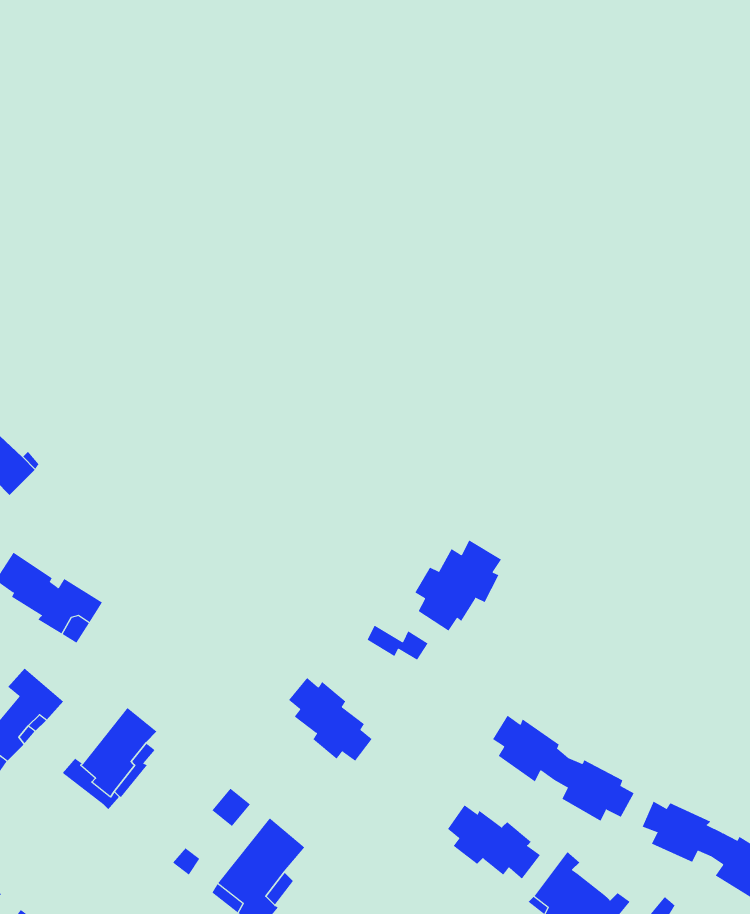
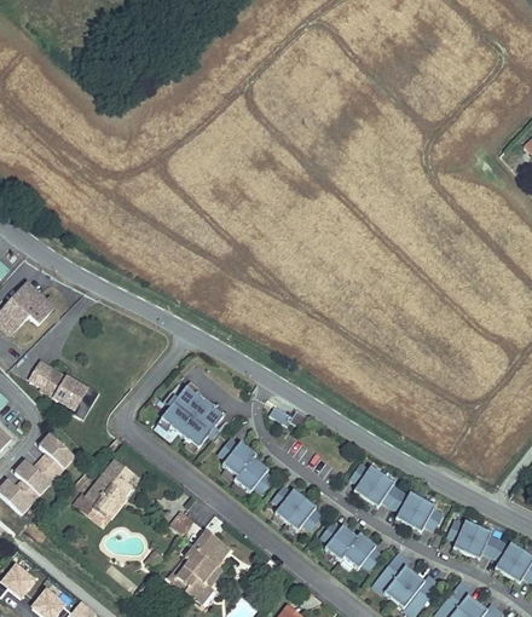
building: [415,539,502,632] -> none
building: none -> [161,387,224,448]
building: none -> [273,486,322,530]

